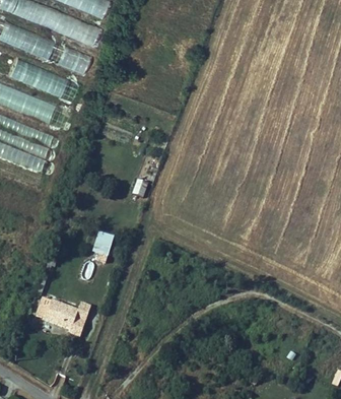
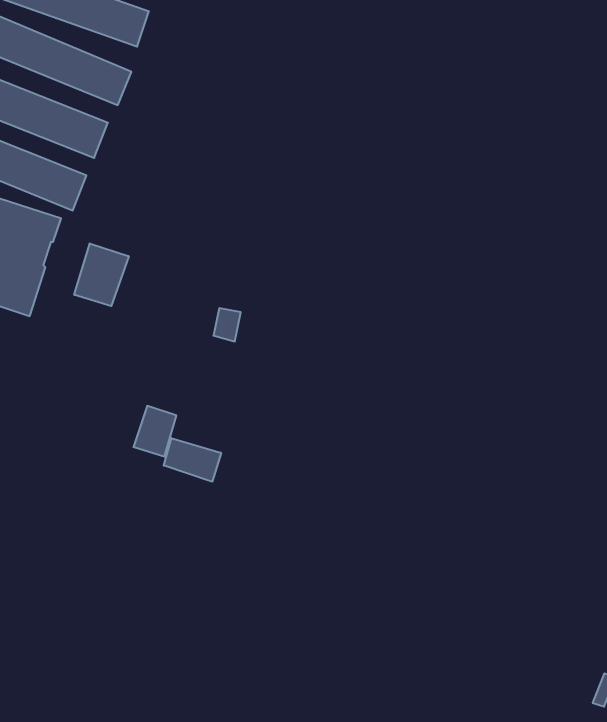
building: none -> [74,243,129,306]
building: none -> [164,438,221,482]
building: [44,300,84,335] -> none

